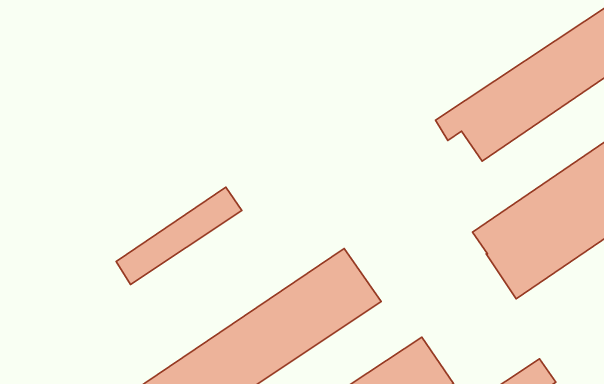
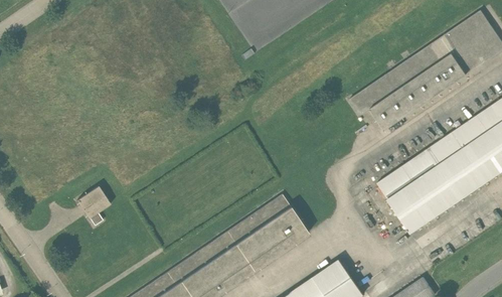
building: [116,187,242,284] -> none
building: none -> [77,185,111,225]

